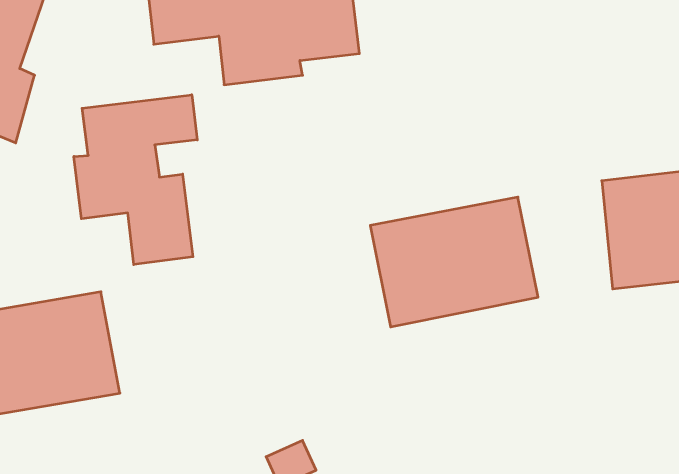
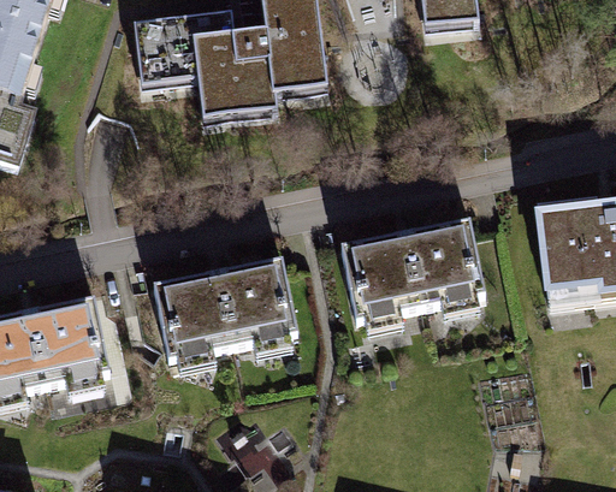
building: [74,95,197,265] -> none
building: none -> [155,257,302,372]

